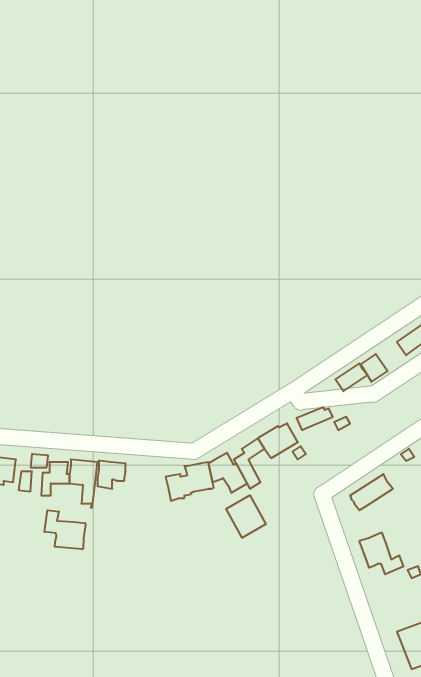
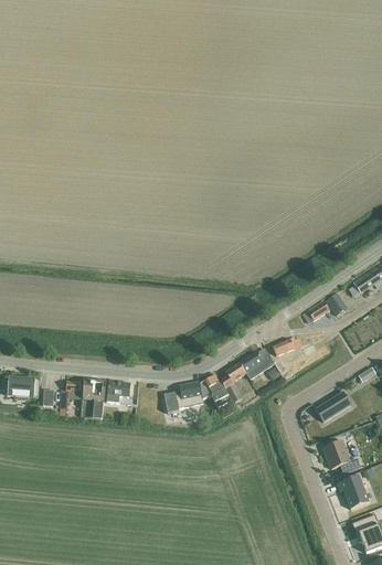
building: [226,495,266,538] -> none
building: [44,510,86,549] -> none
building: none -> [337,475,369,509]

